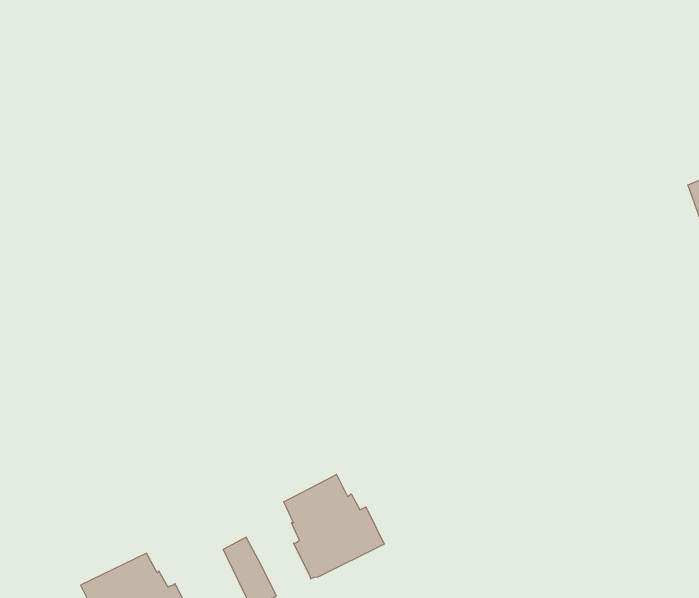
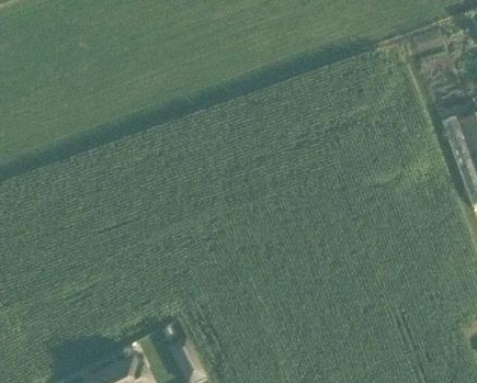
building: [284,474,384,579] -> none

